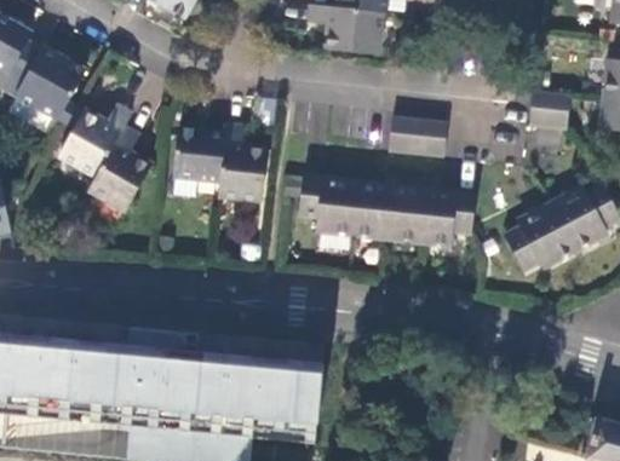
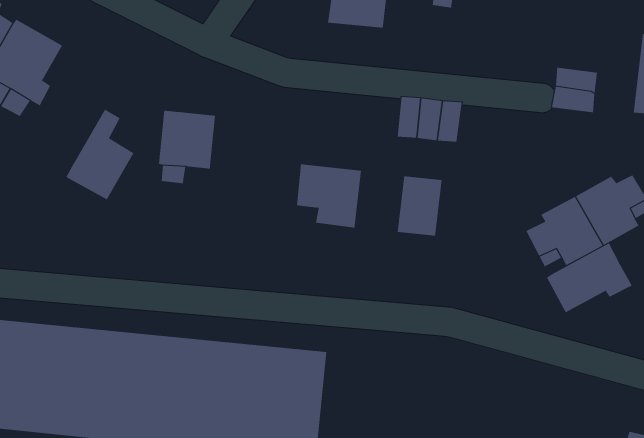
building: [59,105,131,175] -> none
building: [217,123,265,198] -> none
building: [350,183,394,238] -> none
building: [423,191,475,244] -> none
building: none -> [546,242,633,313]

